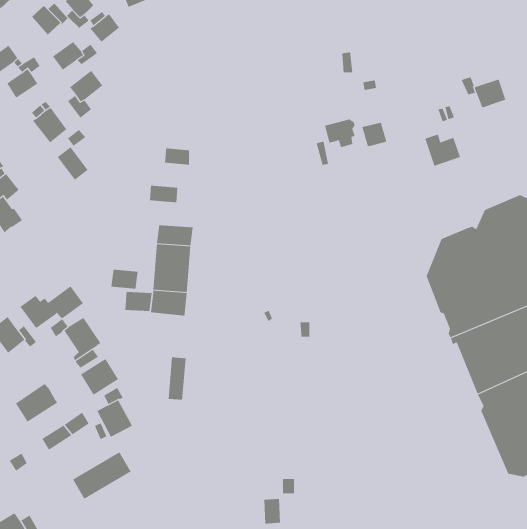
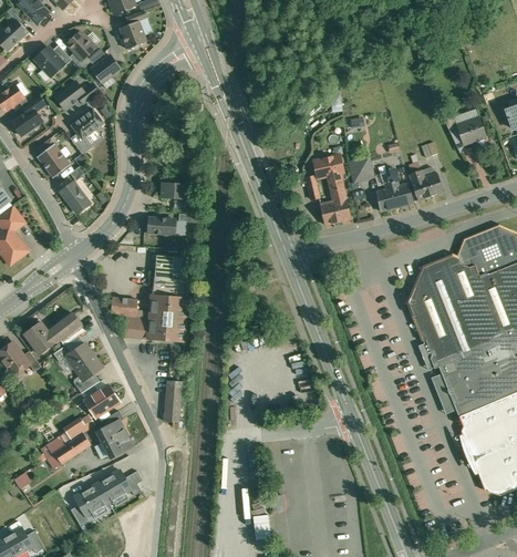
building: none -> [376,168,413,209]
building: none -> [320,178,351,224]
building: [15,383,58,423] -> none

